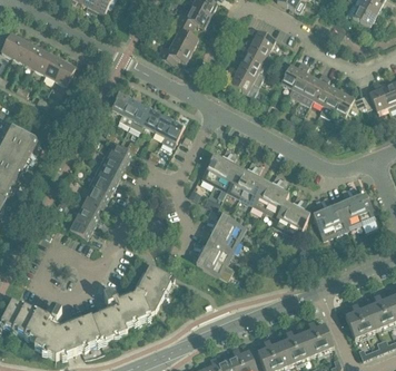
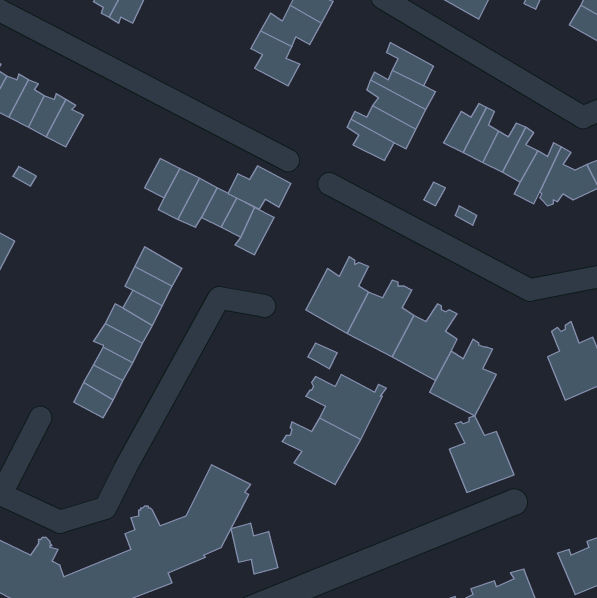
building: [156,40,191,65] -> [228,166,291,209]
building: [311,195,348,238] -> [449,416,514,492]
building: none -> [231,523,278,574]

